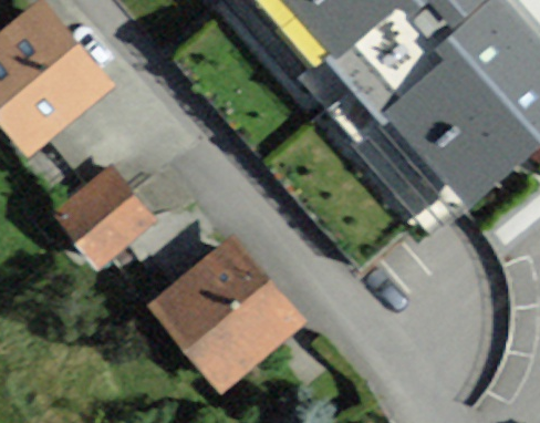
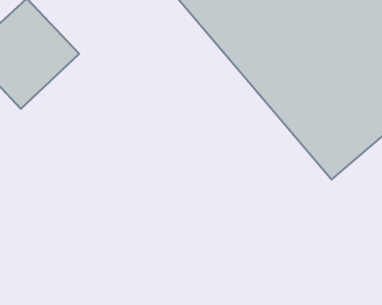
building: [53,164,155,266] -> none
building: [146,234,307,394] -> none

